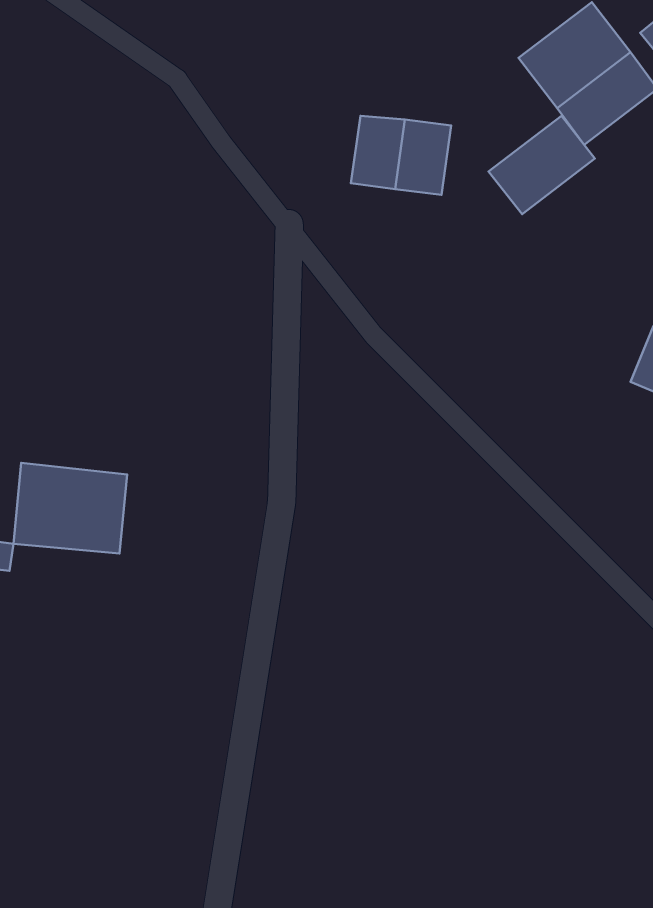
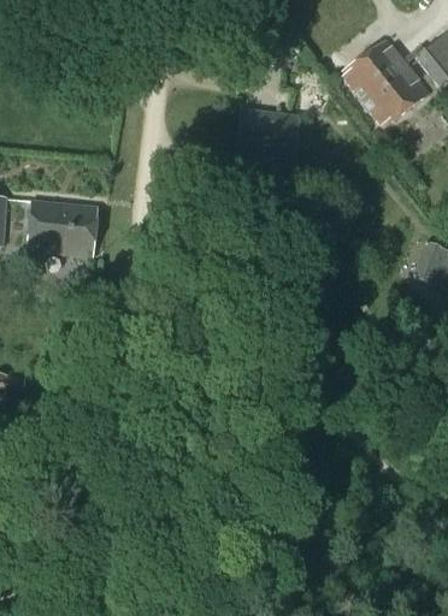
building: [489,116,595,214] -> none
building: [13,463,127,553] -> [28,200,99,256]

